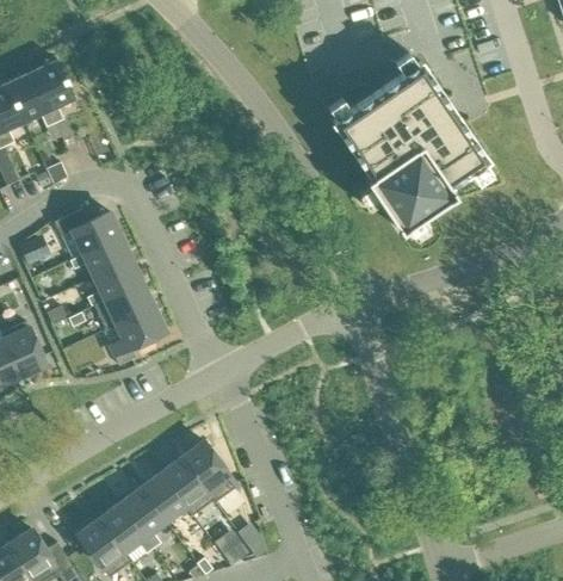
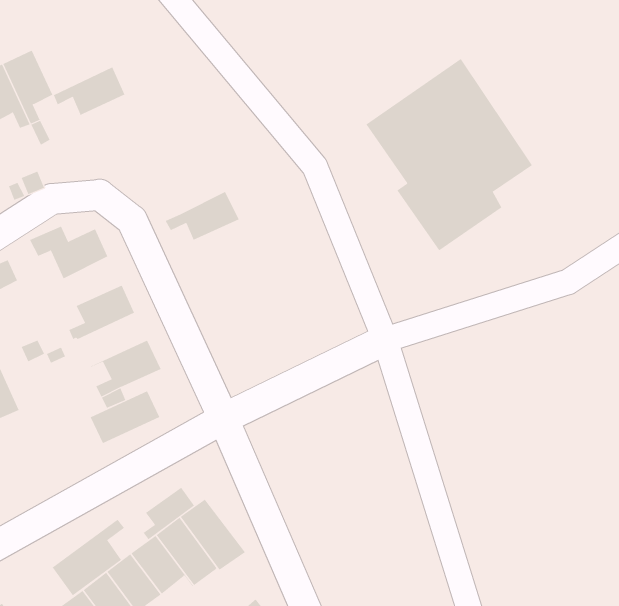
building: none -> [53,67,125,121]
building: [69,235,132,277] -> [165,191,239,241]
building: [94,283,154,328] -> [90,390,160,444]
building: none -> [143,487,195,540]
building: none -> [52,519,125,596]

